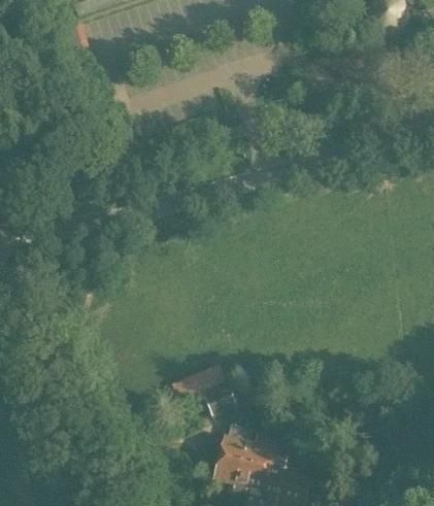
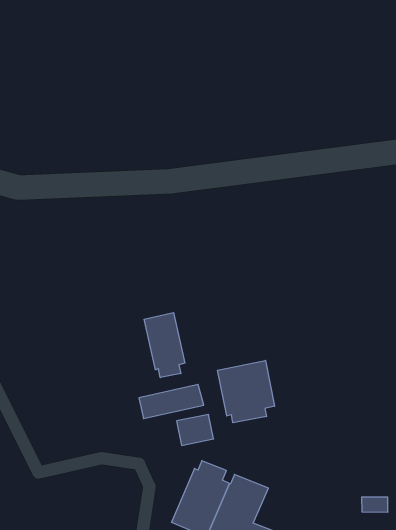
building: none -> [144,313,185,378]
building: none -> [218,360,275,423]

